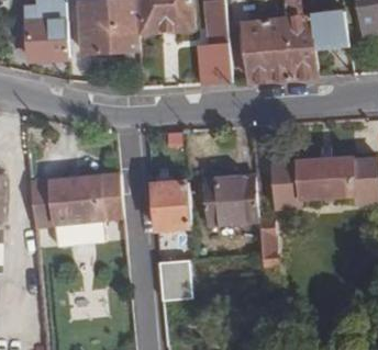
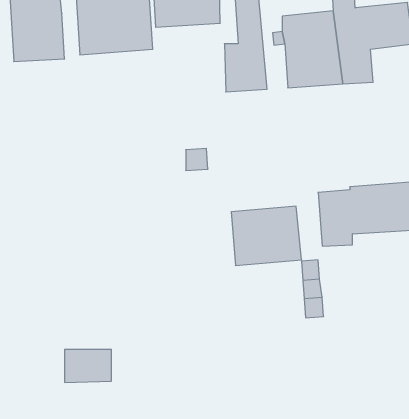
building: [31,172,123,244] -> none
building: [154,174,192,228] -> none
building: [158,258,192,300] -> none

